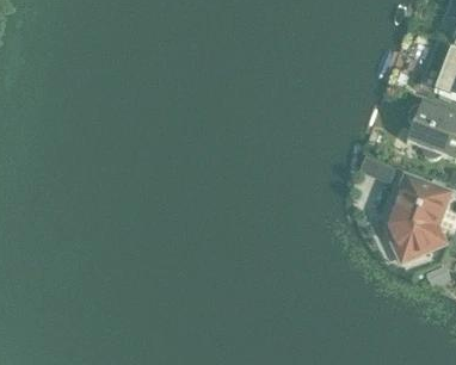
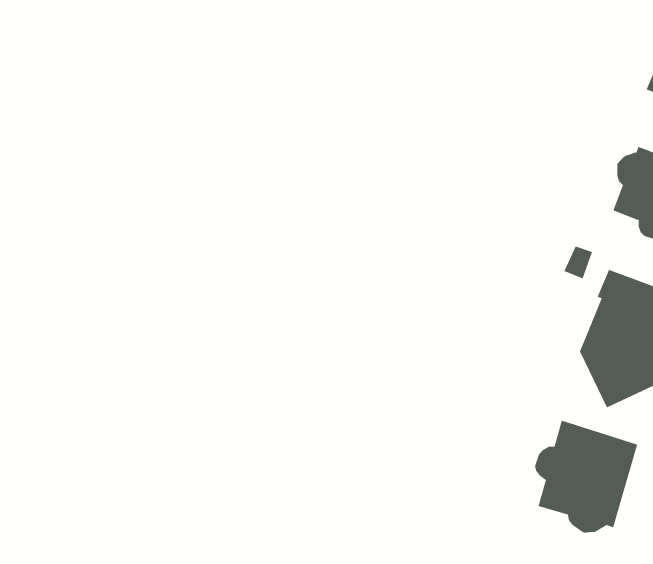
building: none -> [535,420,638,533]

